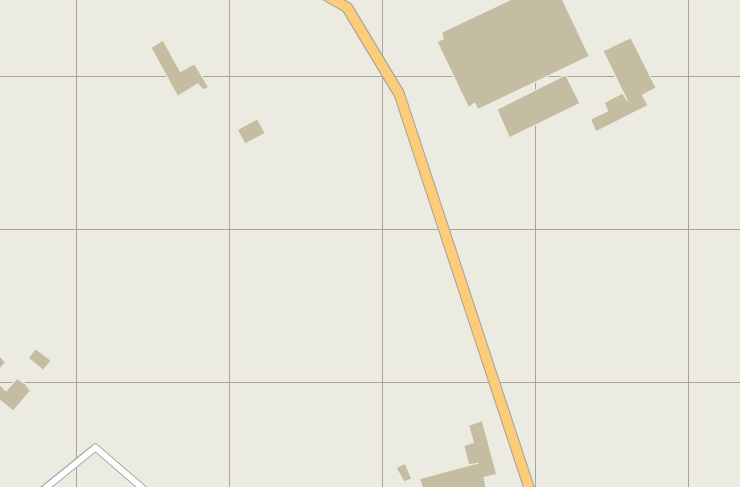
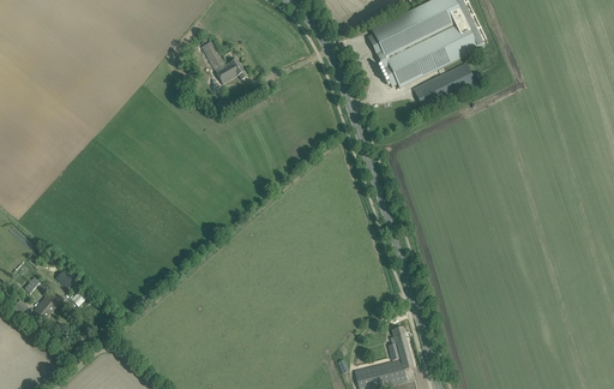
building: [591,37,656,132] -> none
building: [151,40,209,97] -> [201,40,246,83]

